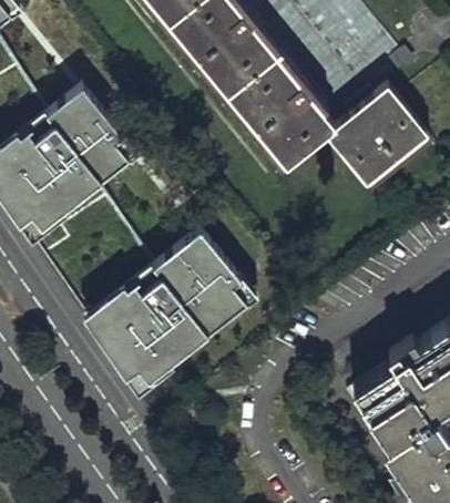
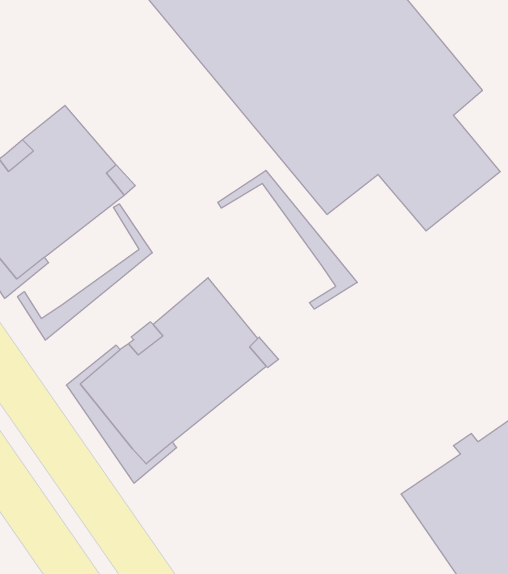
building: none -> [218,170,357,309]
building: none -> [18,204,152,340]

